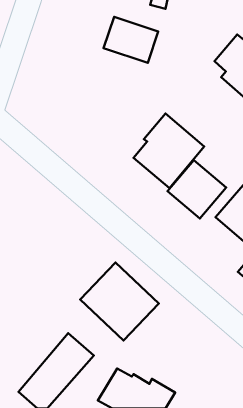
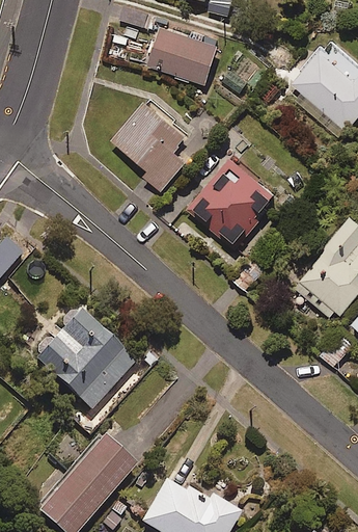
building: none -> [113,99,188,190]
building: [168,160,226,218] -> none
building: [80,262,159,340] -> [35,307,137,407]

